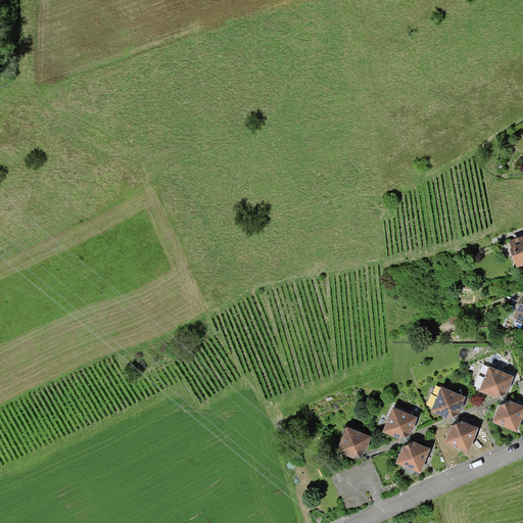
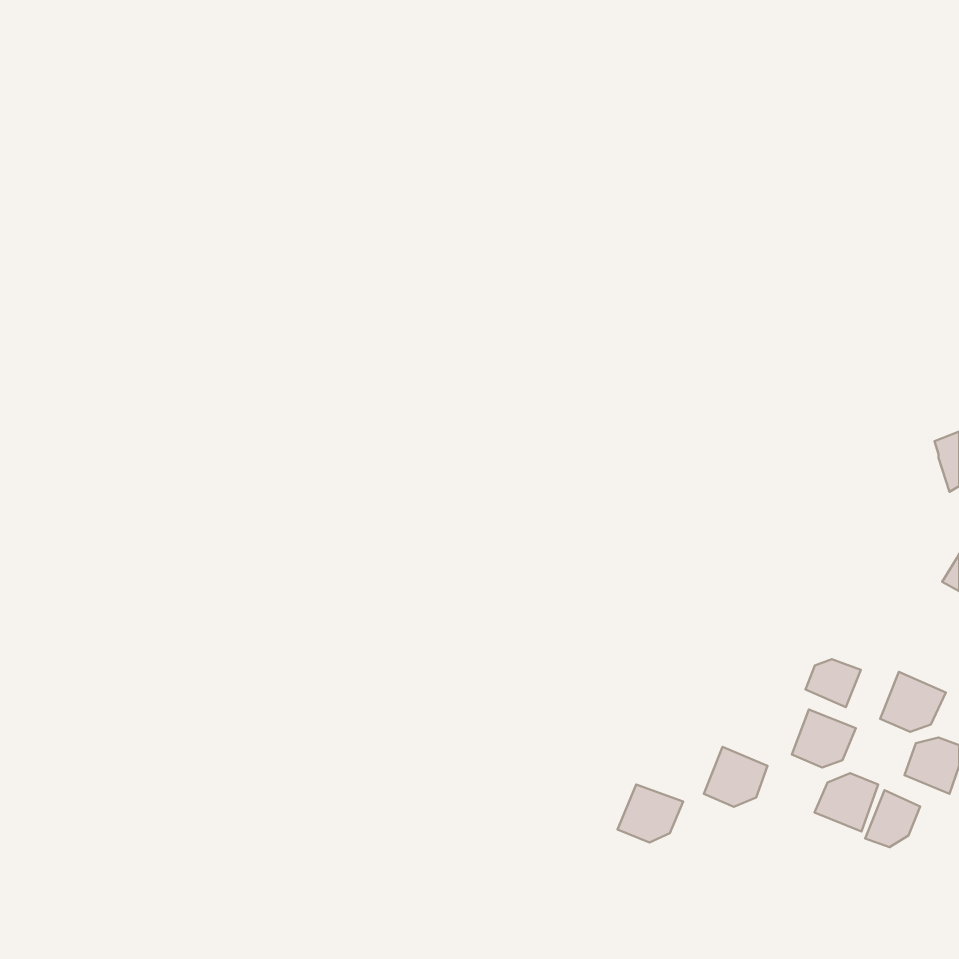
building: none -> [805,659,861,707]
building: none -> [865,790,920,847]
building: [395,441,431,473] -> none

